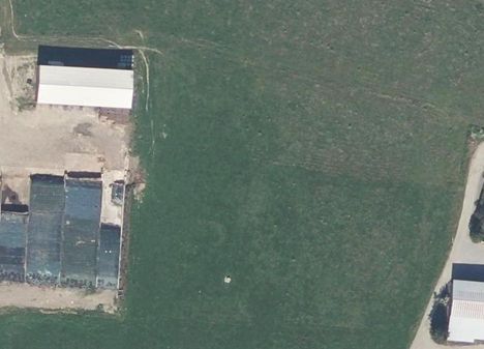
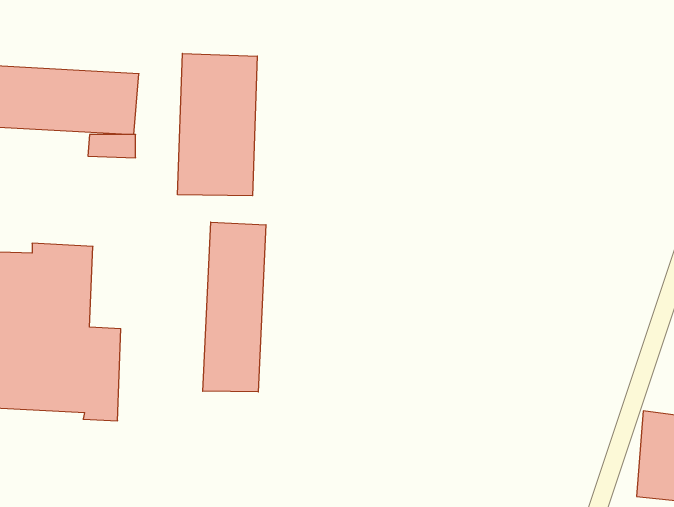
building: none -> [178,53,257,196]
building: none -> [203,222,266,392]

